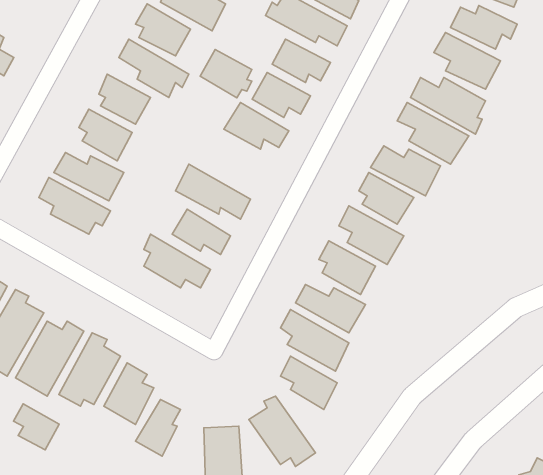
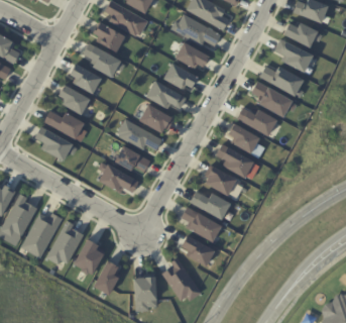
building: [200,49,252,98] -> [140,104,171,133]
building: [14,404,59,450] -> none

